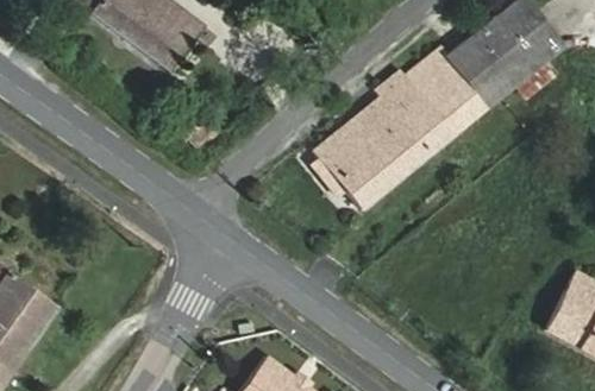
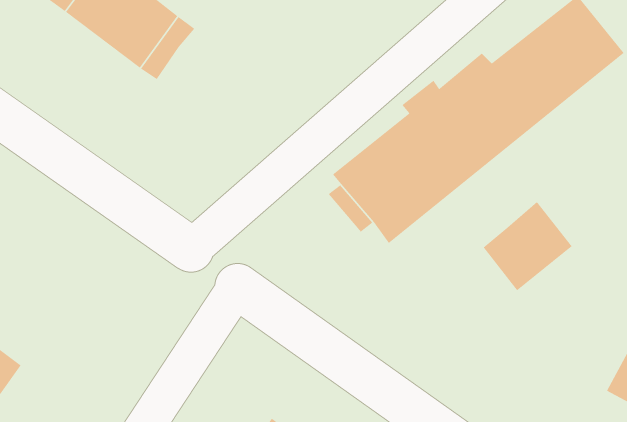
building: none -> [483,201,573,291]

